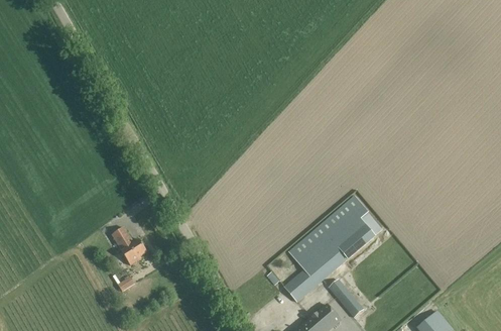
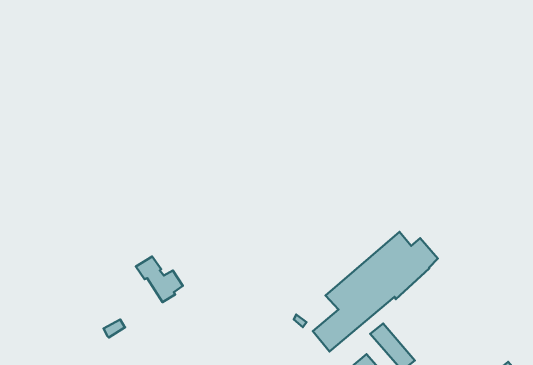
building: [109,228,146,264] -> [136,256,183,302]

